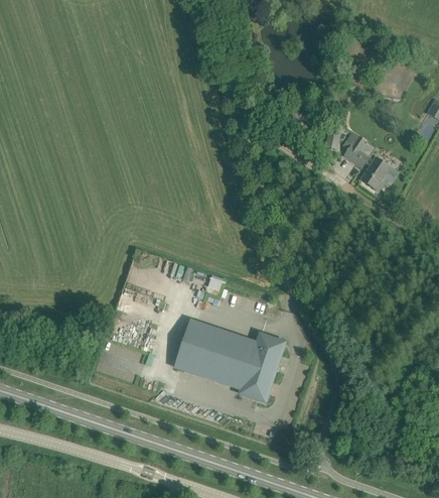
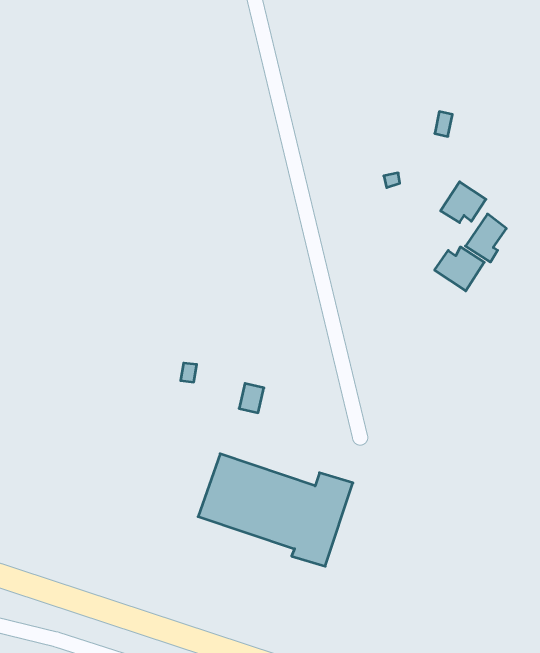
building: none -> [435,247,484,291]

